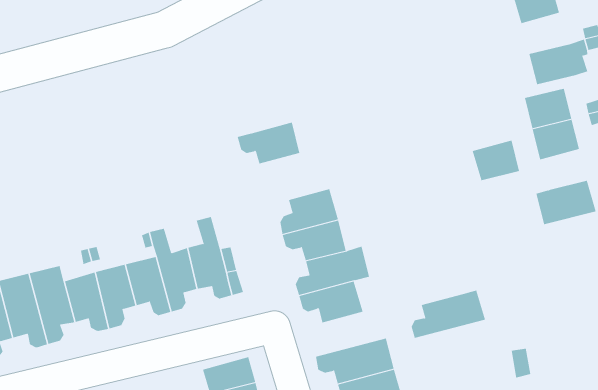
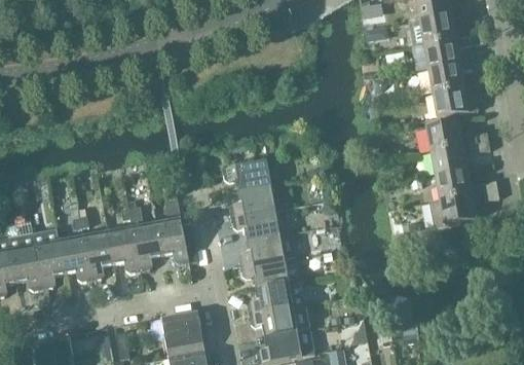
building: none -> [428,62,464,92]
building: [237,122,300,164] -> [222,159,270,190]
building: [472,140,520,181] -> [435,169,471,198]
building: [411,290,486,339] -> [247,280,305,314]

